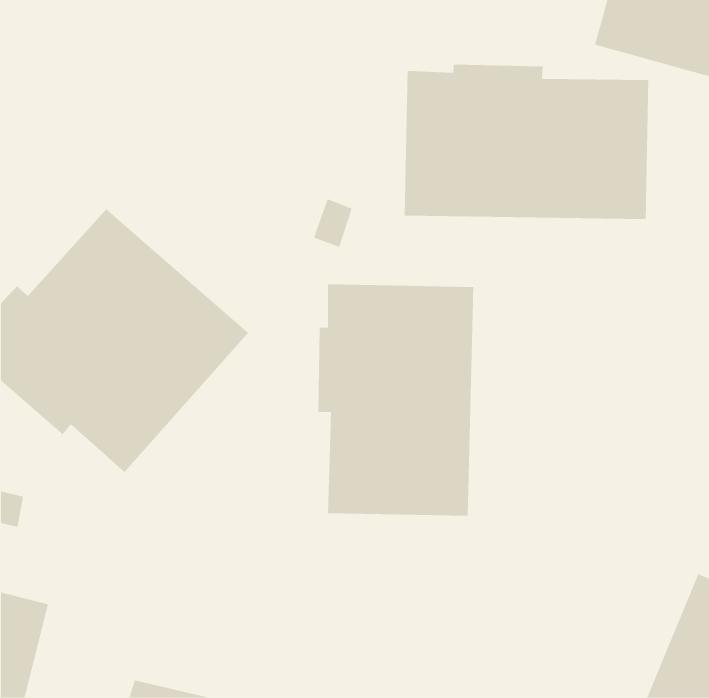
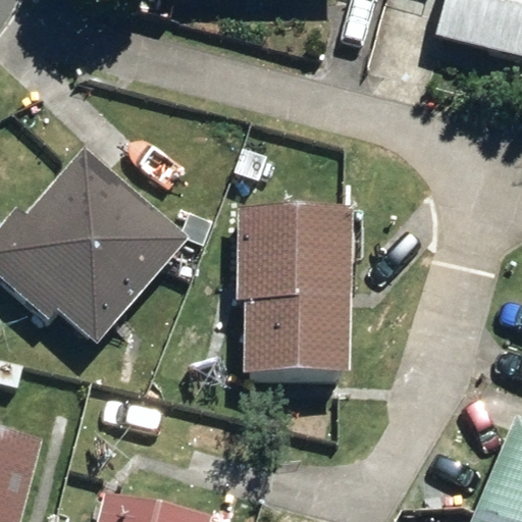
building: [404,64,649,220] -> none

